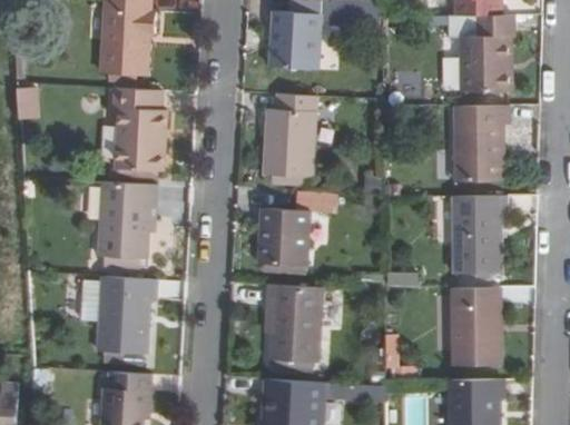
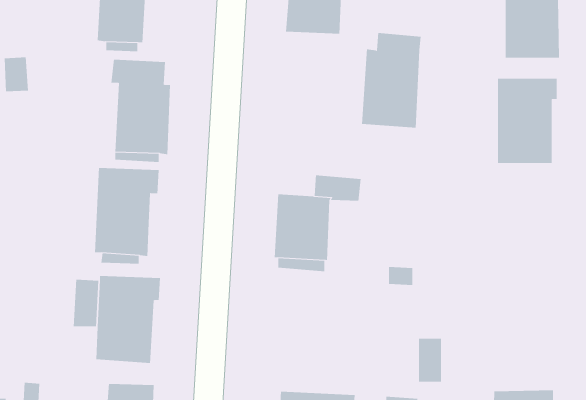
building: [262,92,315,177] -> [361,33,421,128]
building: [455,195,509,274] -> none
building: [265,285,320,364] -> none
building: [453,288,502,367] -> none

